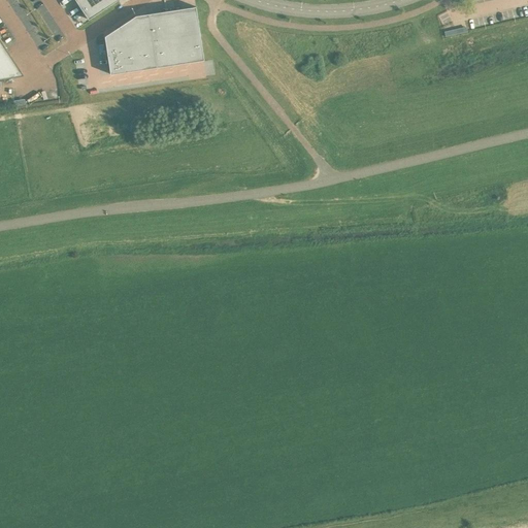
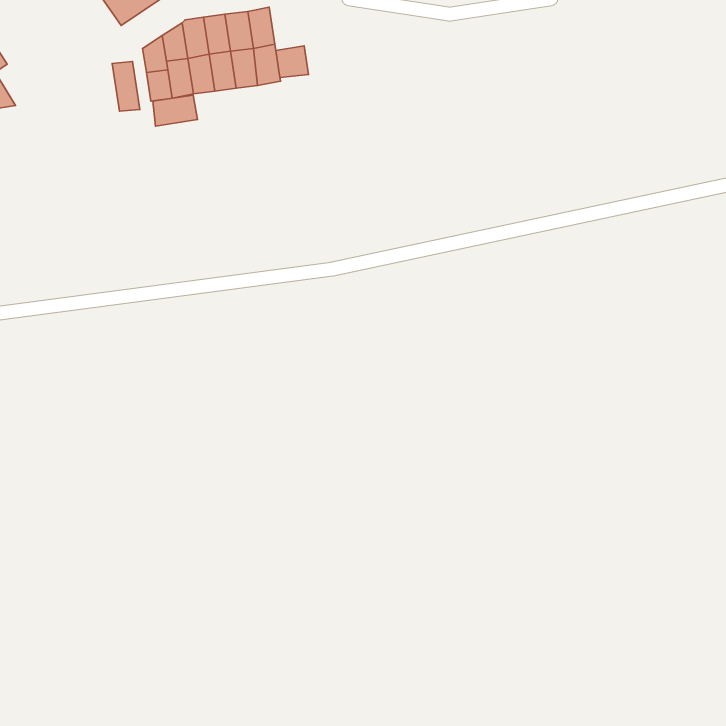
building: none -> [276,46,308,78]
building: none -> [112,62,140,111]
building: none -> [153,95,197,126]

